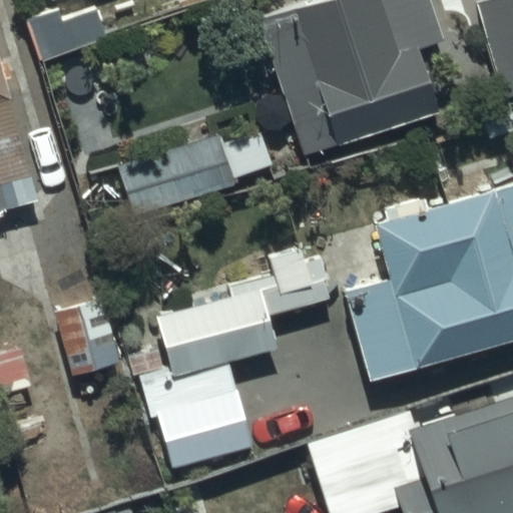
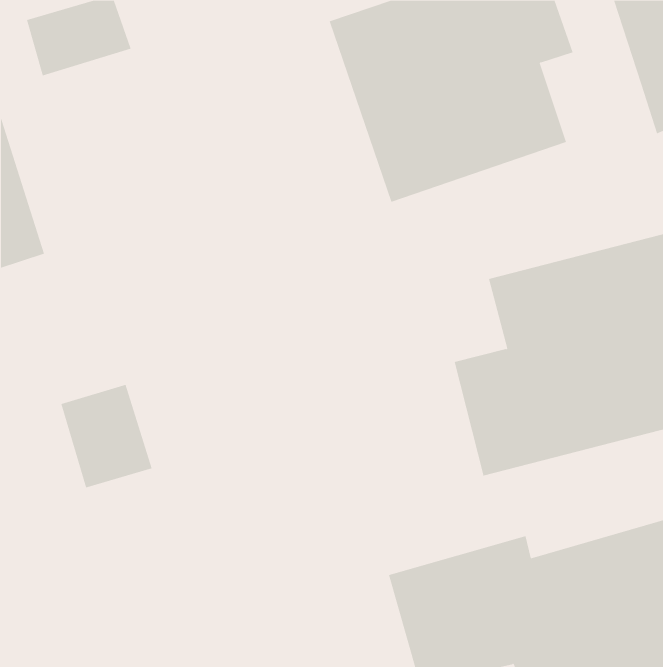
building: [118,133,277,213] -> none
building: [133,247,334,467] -> none

